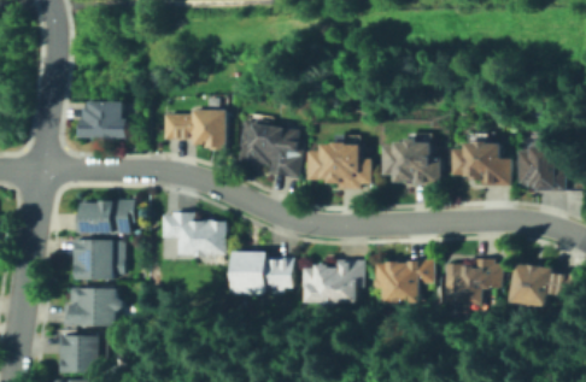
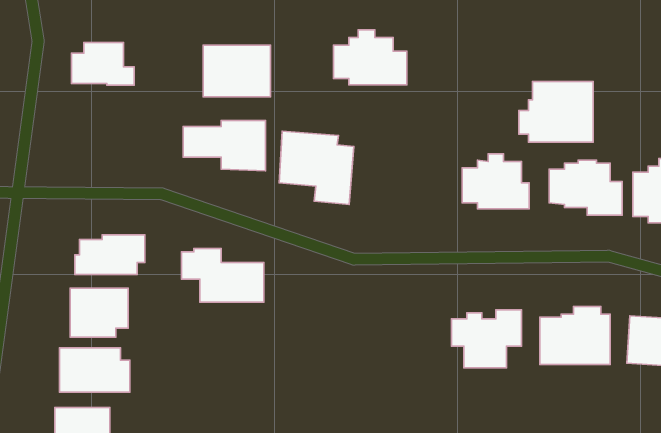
building: none -> [203,45,271,97]
building: none -> [519,81,593,142]
building: [78,101,128,135] -> [72,42,134,85]
building: [311,139,369,182] -> [334,30,407,85]
building: [234,253,292,294] -> none
building: [301,259,362,302] -> none

